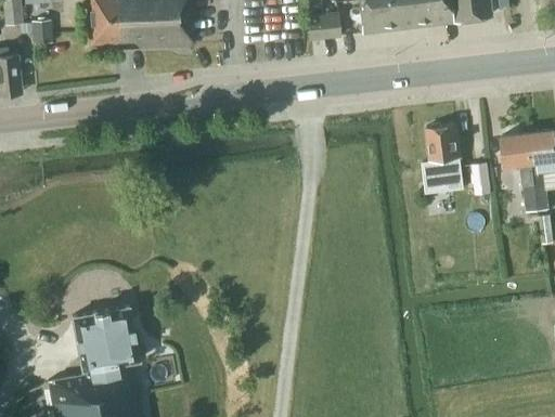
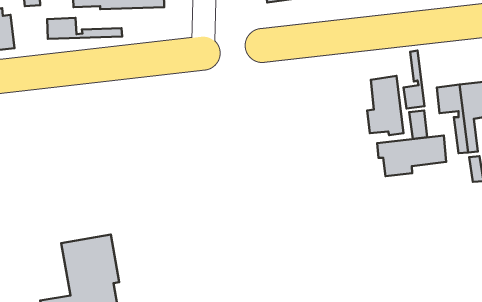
building: none -> [47,18,122,39]
building: none -> [403,51,425,108]
building: none -> [377,135,446,176]

